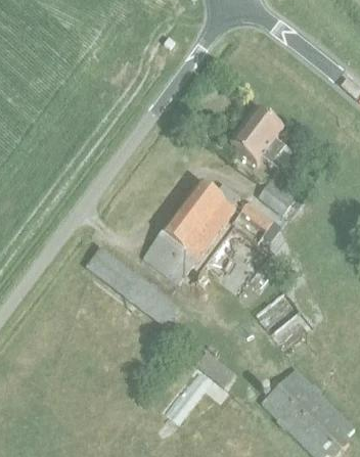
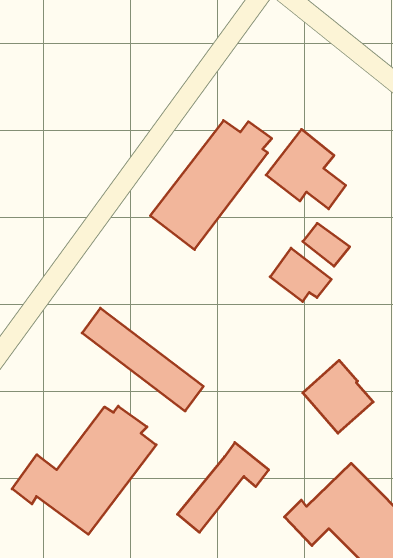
building: [143,183,238,284] -> [150,120,272,250]
building: none -> [12,406,156,534]

